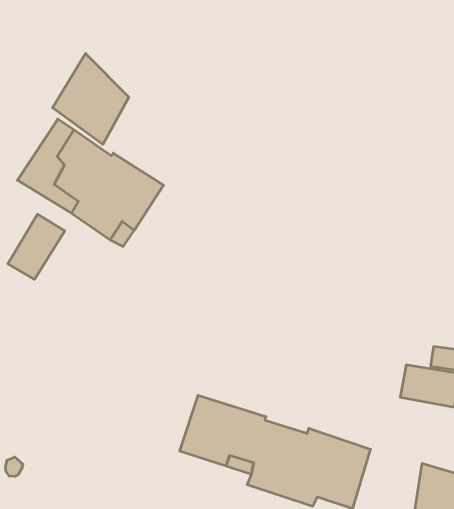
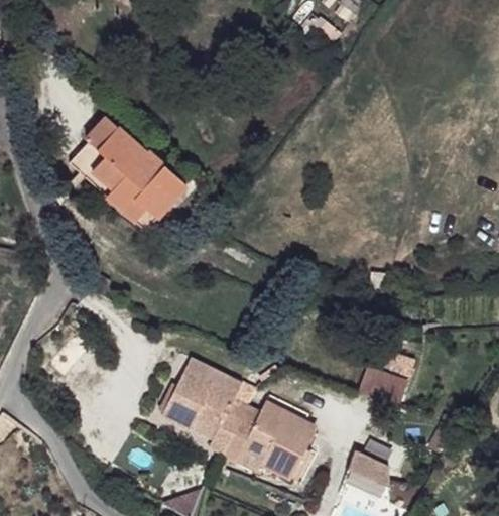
building: [52,53,129,144] -> none
building: [8,214,65,279] -> none

